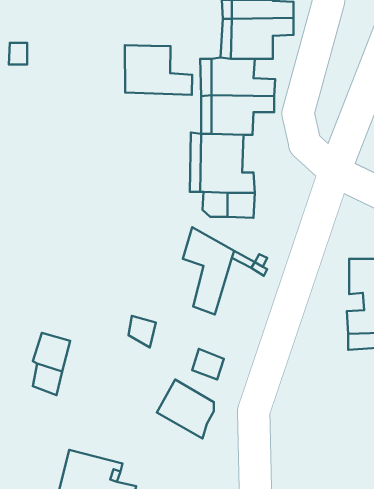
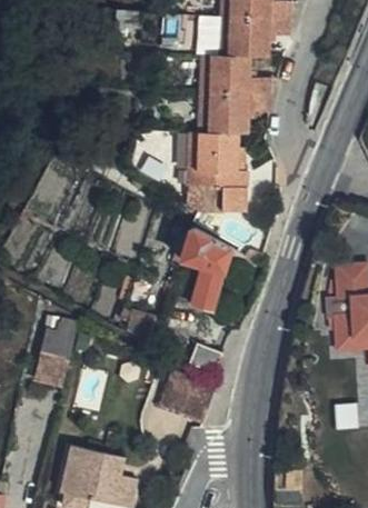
building: [125,45,192,95] -> none

